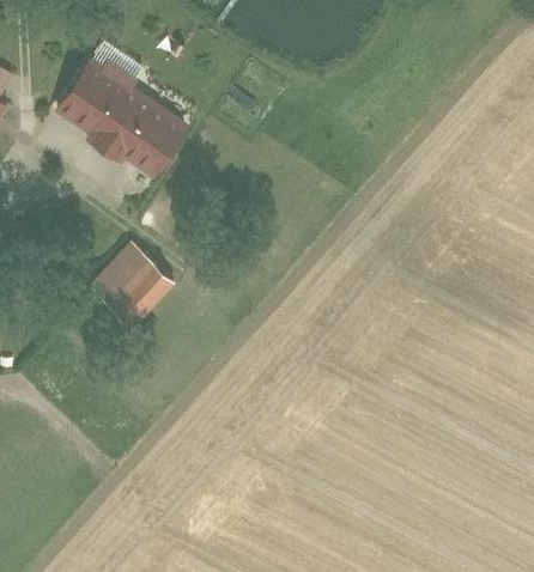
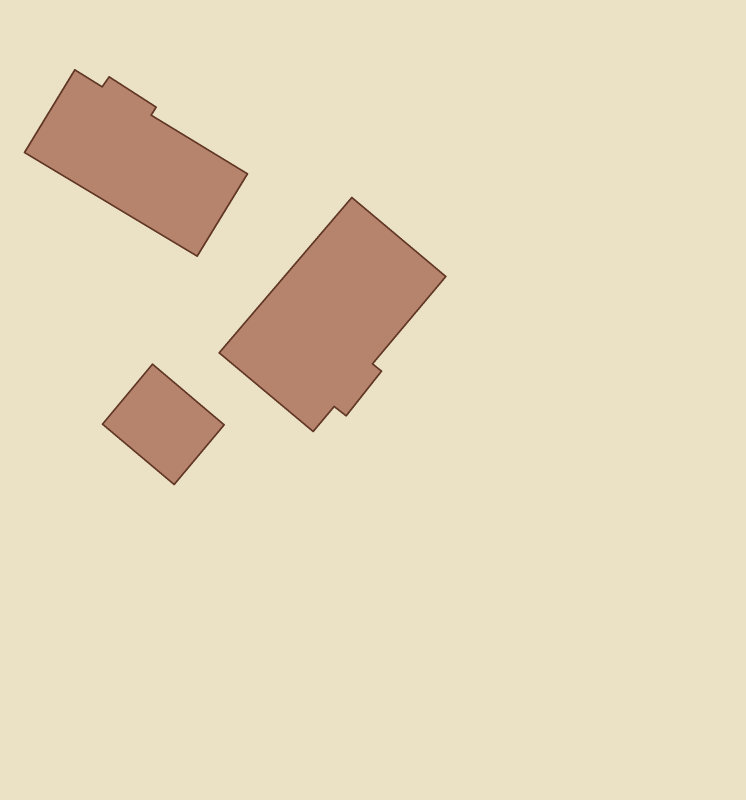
building: none -> [219,197,446,432]

